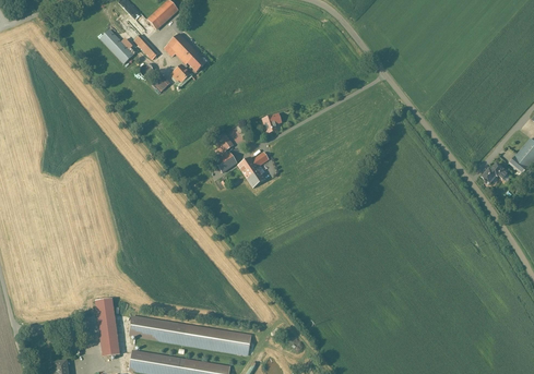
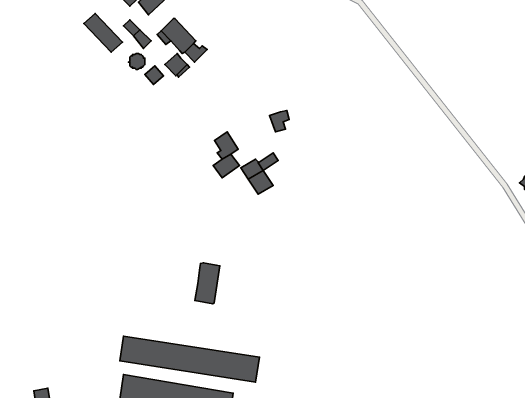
building: none -> [195,263,220,304]
building: [94,297,121,354] -> none

